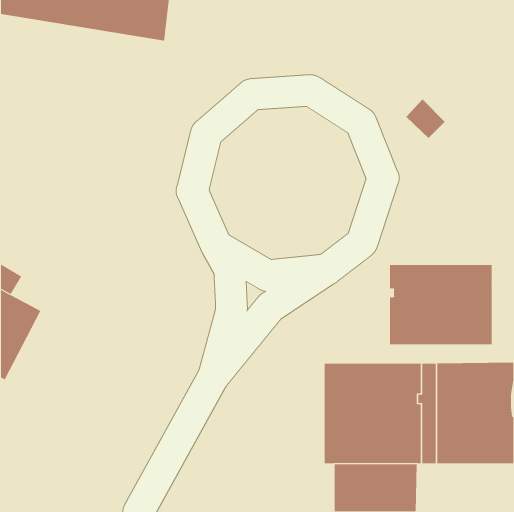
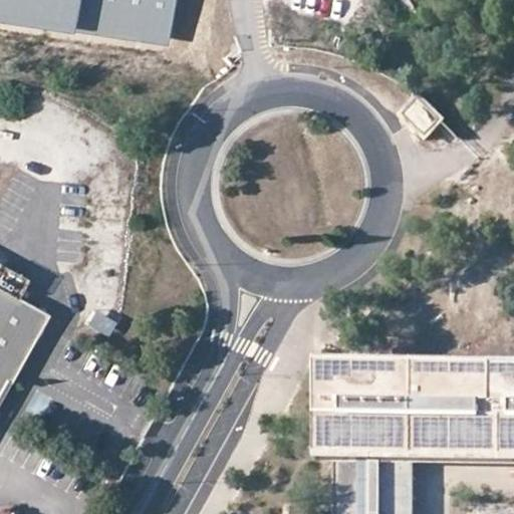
building: [389,264,492,345] -> none

